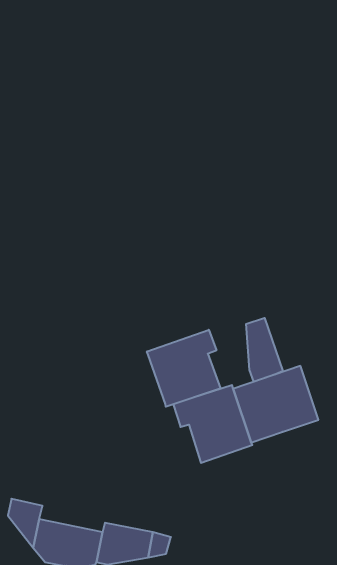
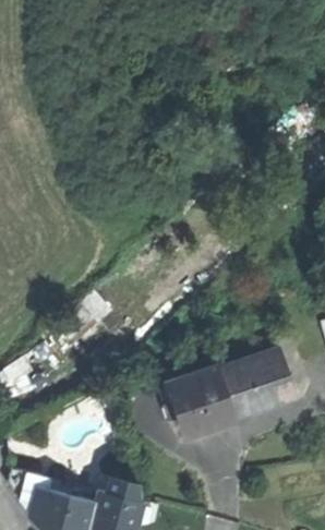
building: [246,318,283,382] -> none
building: [147,330,221,407] -> none

